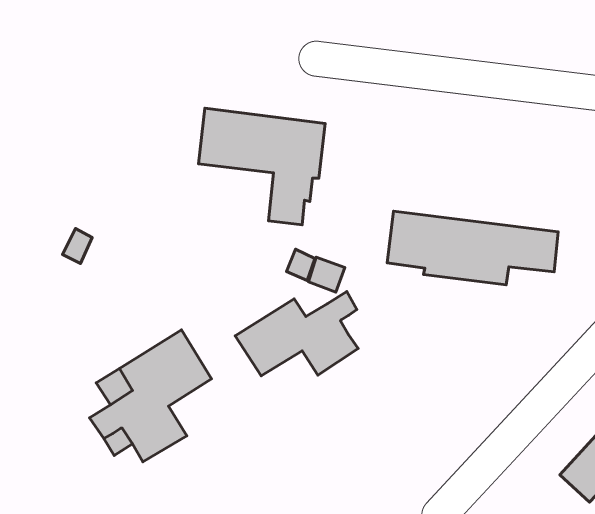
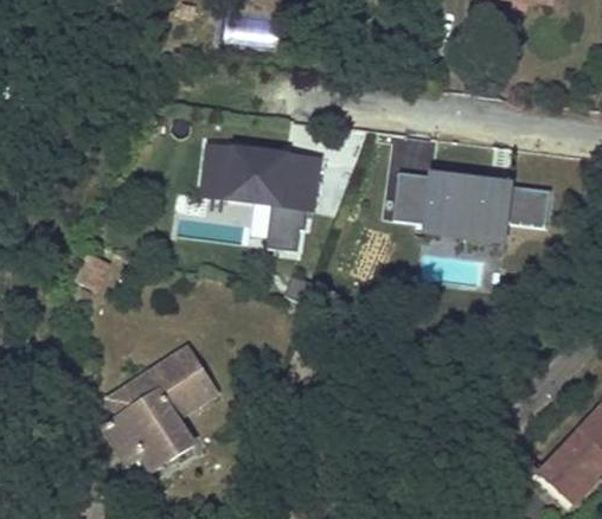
building: [387,211,558,285] -> [393,171,550,238]
building: [235,291,358,376] -> none

